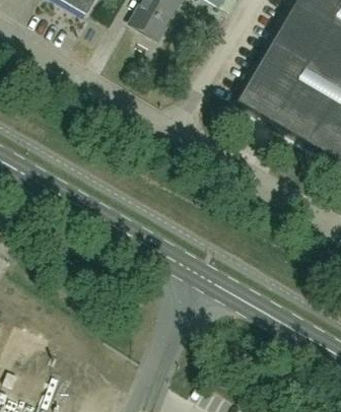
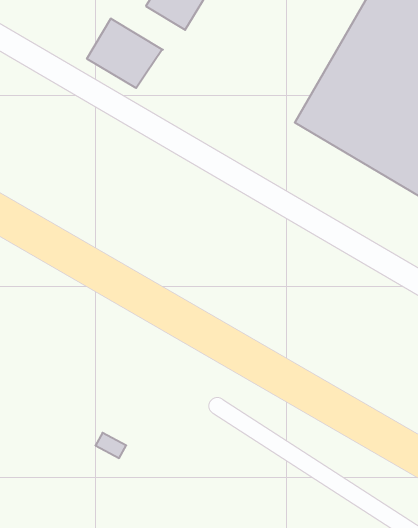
building: none -> [87,18,163,88]

